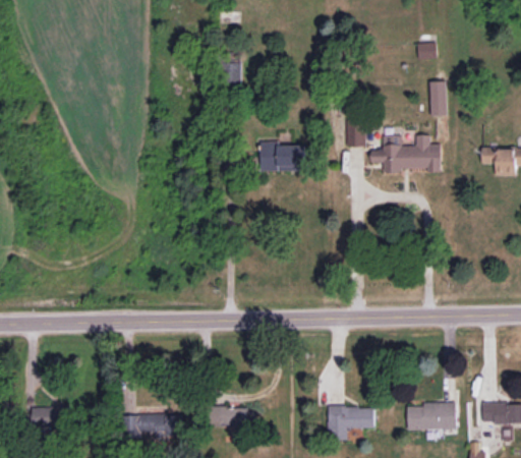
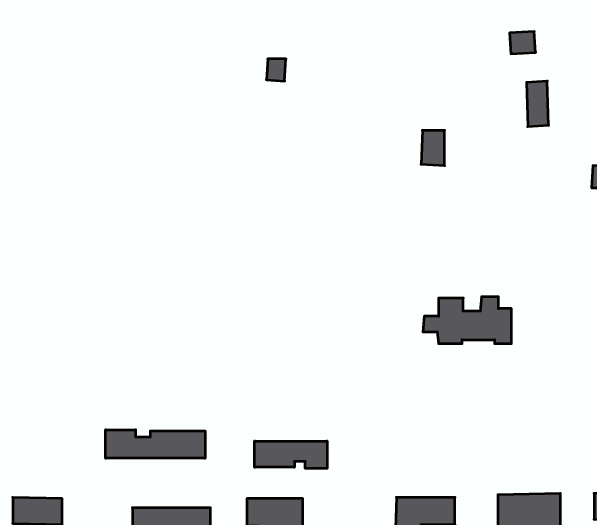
building: [369,134,439,171] -> [423,297,511,344]
building: [259,140,304,171] -> none
building: none -> [106,430,205,458]
building: none -> [255,441,327,468]

